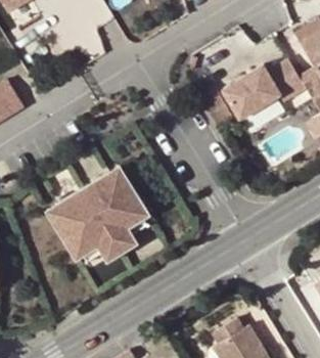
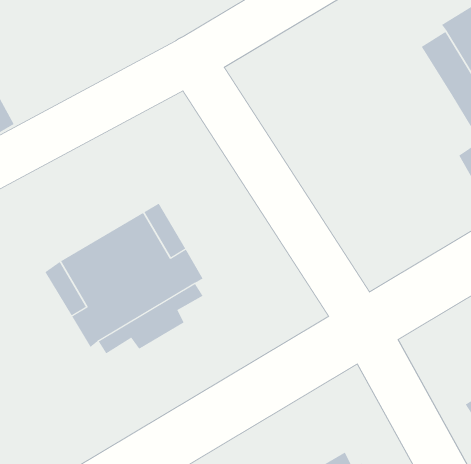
building: [223,59,306,118] -> none

